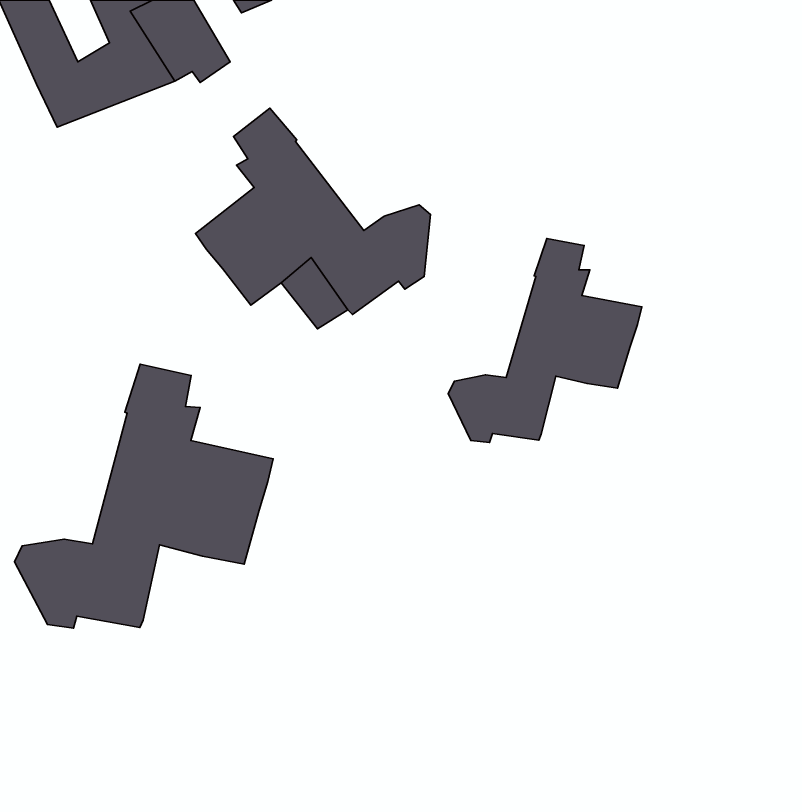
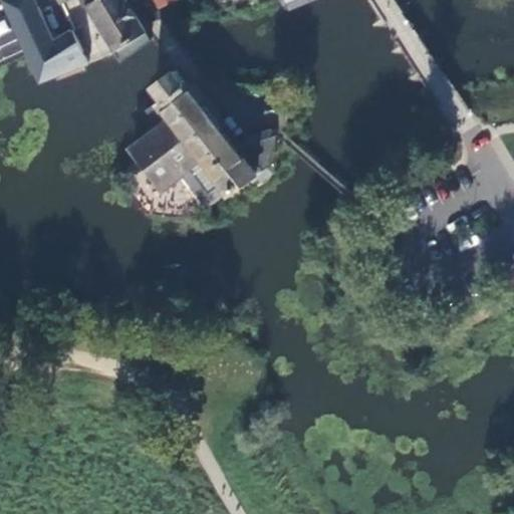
building: [448,239,642,442] -> none
building: [15,364,273,628] -> none

